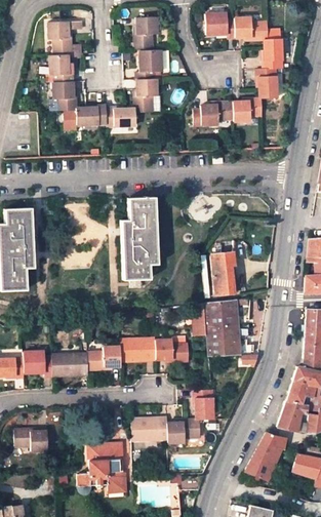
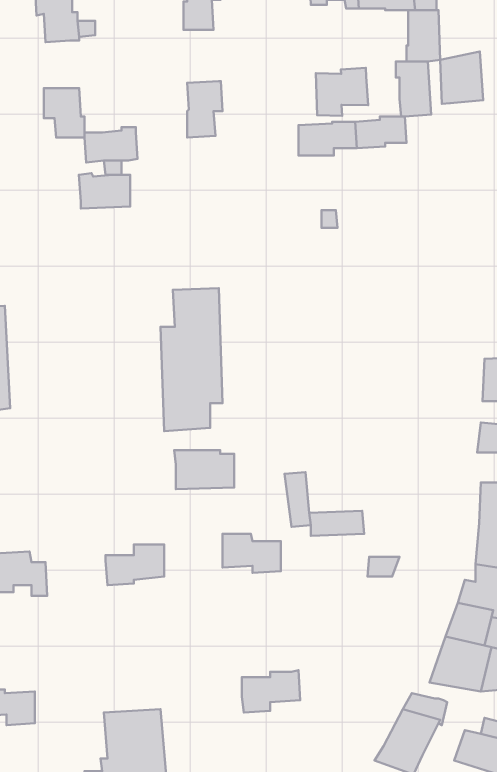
building: [136,48,160,79] -> none
building: [50,54,74,82] -> none
building: none -> [440,51,483,104]
building: none -> [316,68,368,116]
building: [107,107,136,127] -> [79,173,130,208]
building: [212,253,235,295] -> none
building: [205,301,238,328] -> none
building: [122,339,157,361] -> [174,450,234,489]
building: [208,341,240,355] -> none
building: [54,354,90,376] -> none
building: [194,389,214,421] -> none
building: [133,419,168,440] -> none

